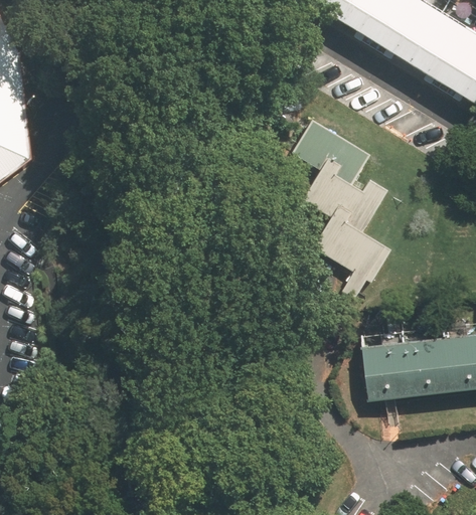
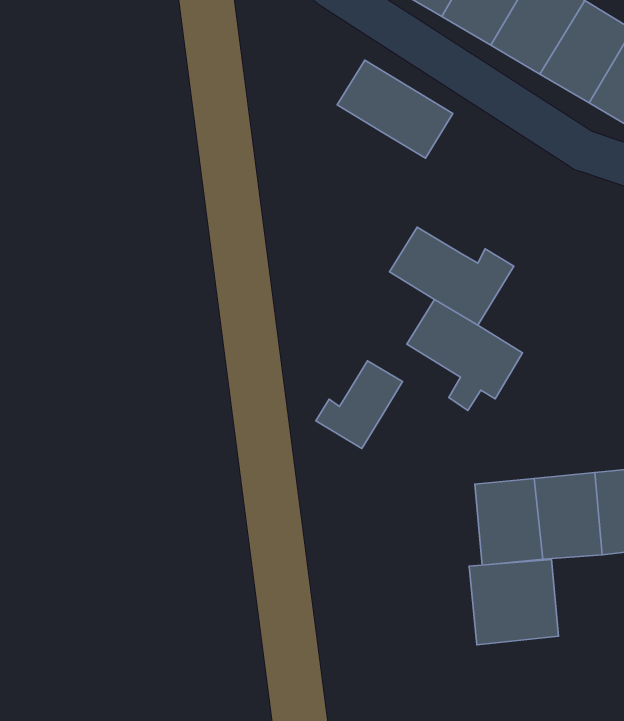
building: [289,116,369,184] -> [337,60,453,158]
building: none -> [316,361,402,449]
building: none -> [469,559,559,645]

